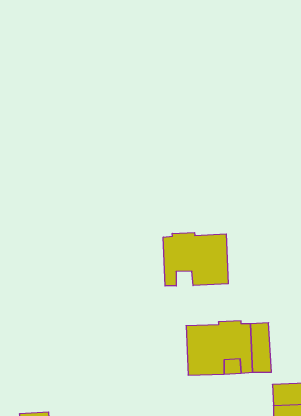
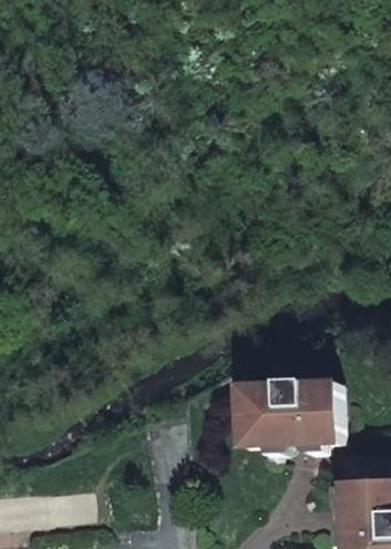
building: [163,233,228,286] -> none

